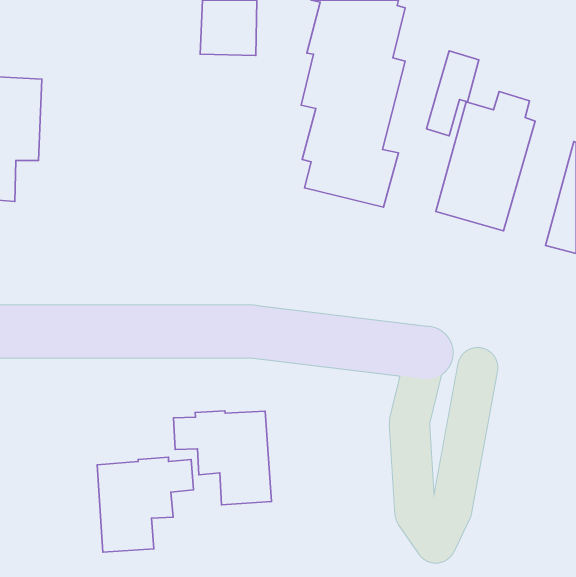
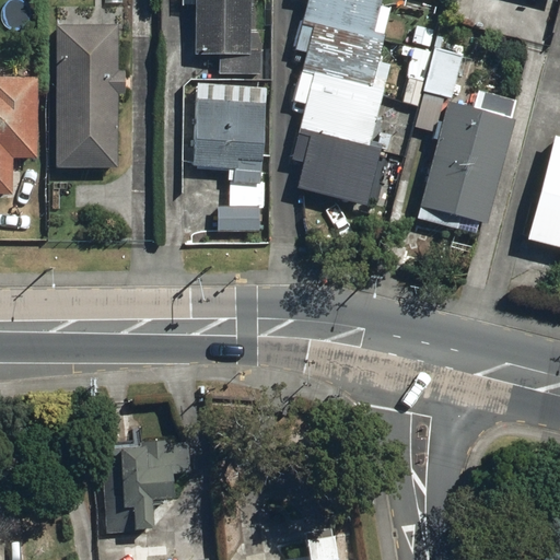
building: none -> [57,16,128,168]
building: none -> [195,81,264,230]
building: [173,411,271,505] -> none

